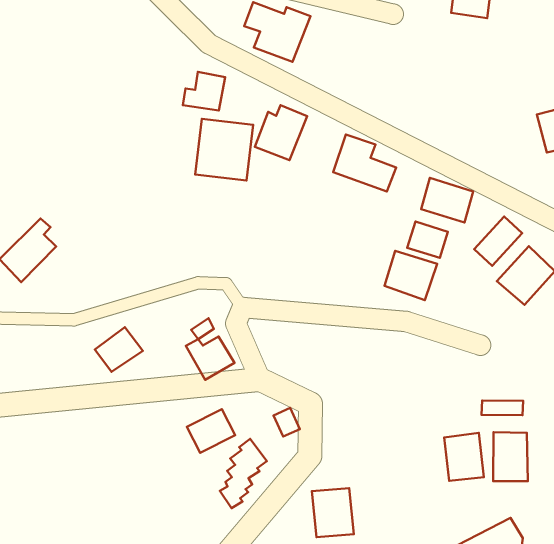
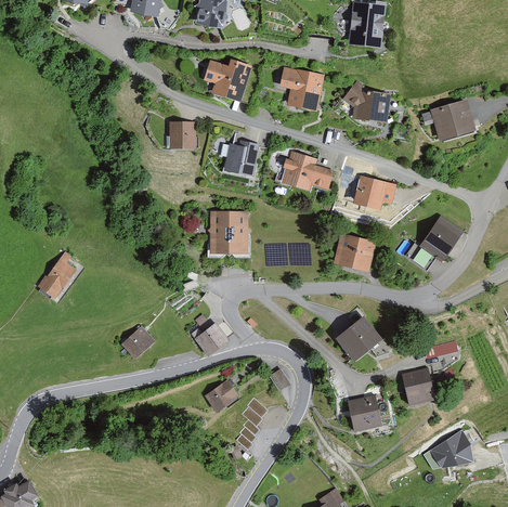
building: none -> [278,67,321,112]
building: none -> [348,89,393,121]
building: [195,119,253,181] -> [207,209,248,253]
building: [474,216,522,266] -> none
building: [407,222,448,258] -> none
building: none -> [333,313,380,361]
building: [493,432,528,481] -> none
building: [312,488,354,537] -> [343,392,380,433]

